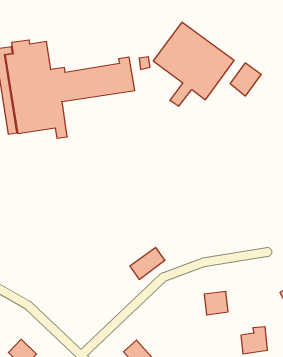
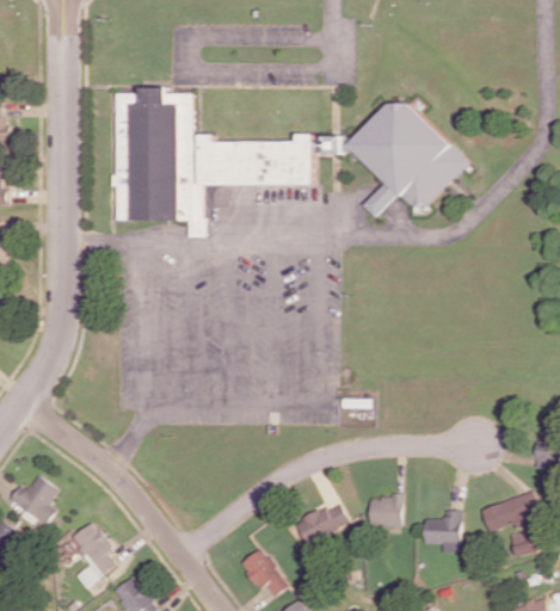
building: [230,63,261,96] -> none
building: [130,247,165,279] -> [296,501,349,544]
building: [241,327,268,354] -> [424,510,462,545]

